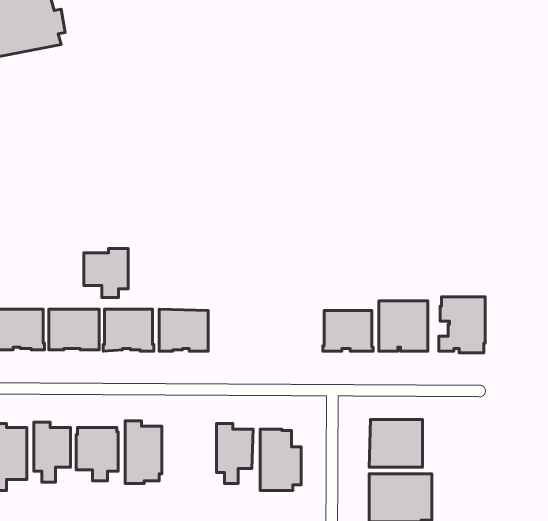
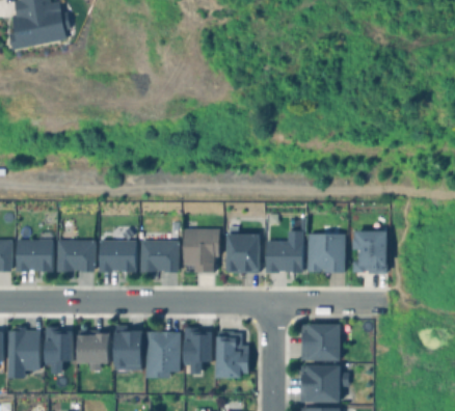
building: [84,249,128,298] -> none
building: none -> [183,228,219,272]
building: none -> [226,234,260,272]
building: none -> [145,331,180,378]

